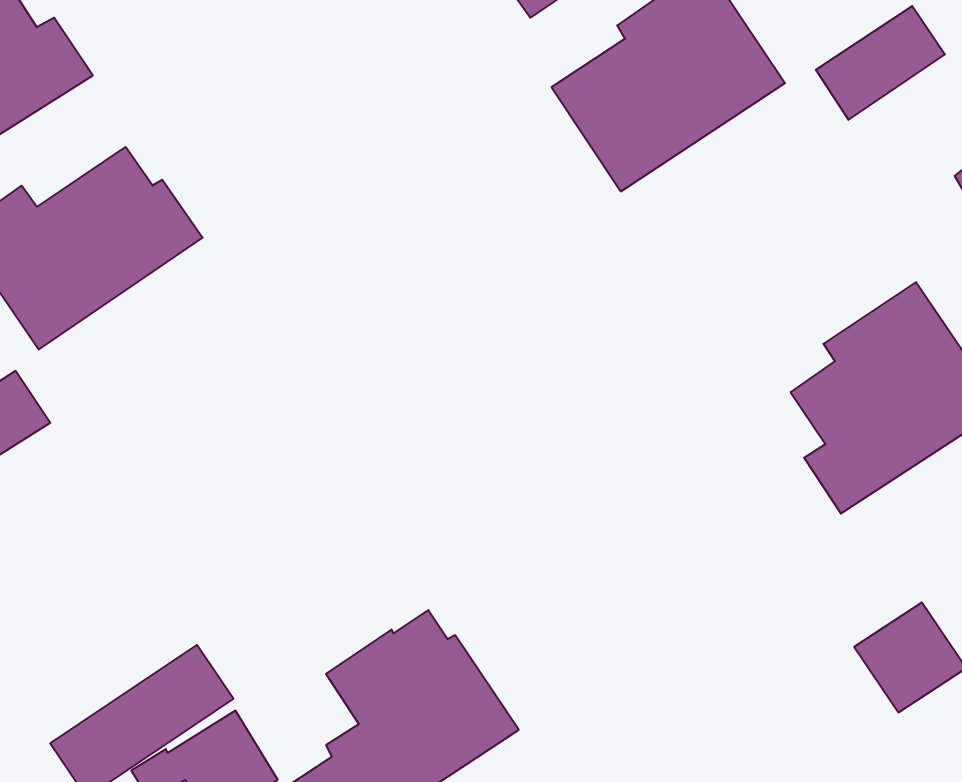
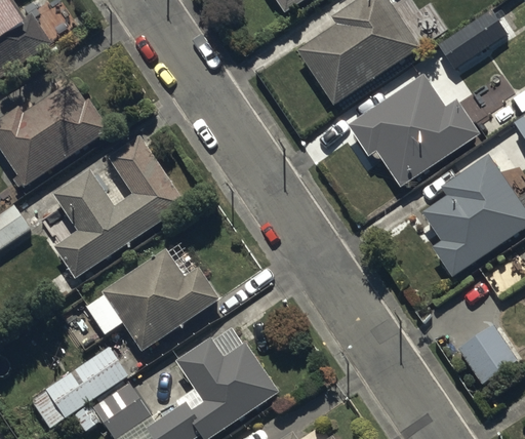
building: none -> [348,74,481,188]
building: none -> [53,134,186,277]
building: none -> [86,248,220,351]

